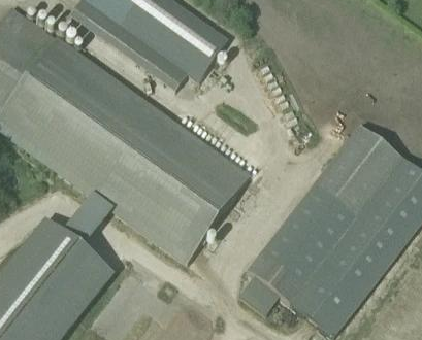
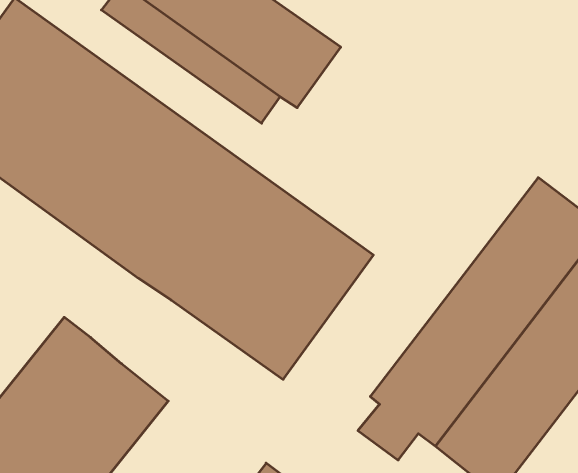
building: [61,192,115,248] -> none

